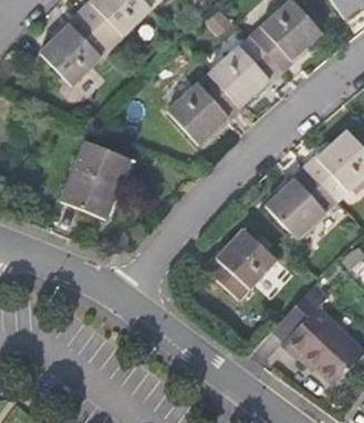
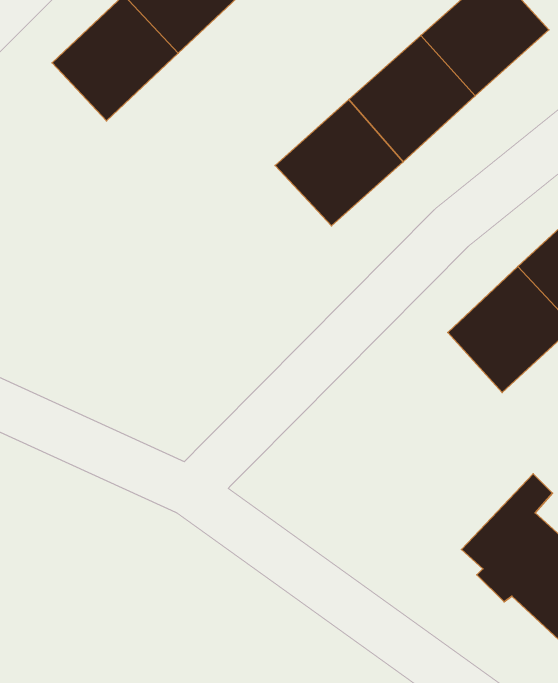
building: [61,140,131,219] -> none
building: [206,228,278,300] -> none

